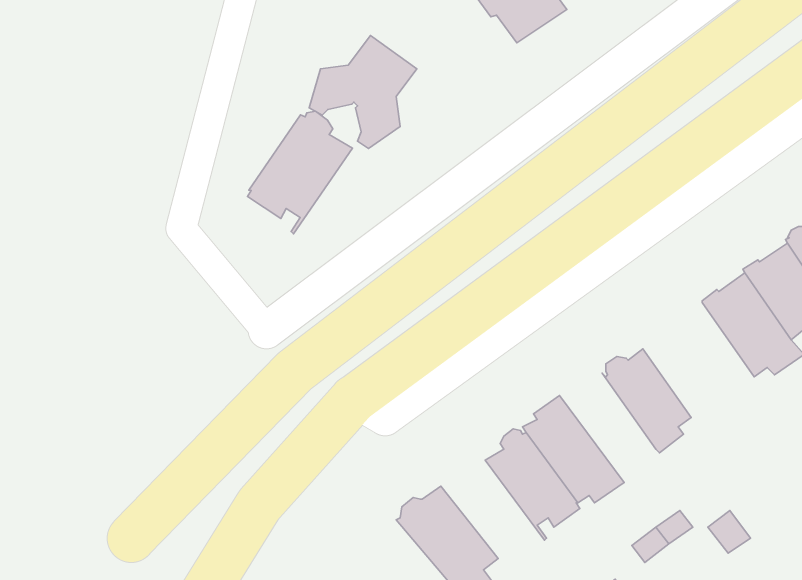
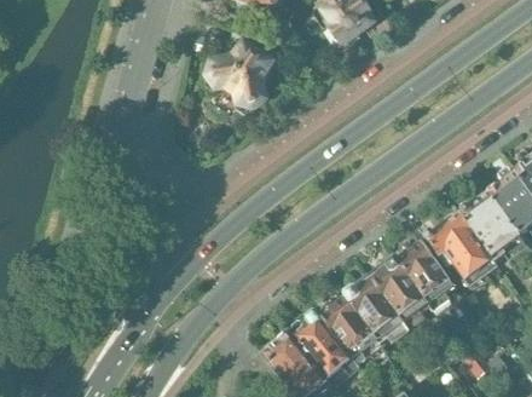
building: [247,111,353,234] -> none
building: none -> [426,212,499,284]
building: none -> [370,258,433,329]
building: none -> [291,310,360,386]

